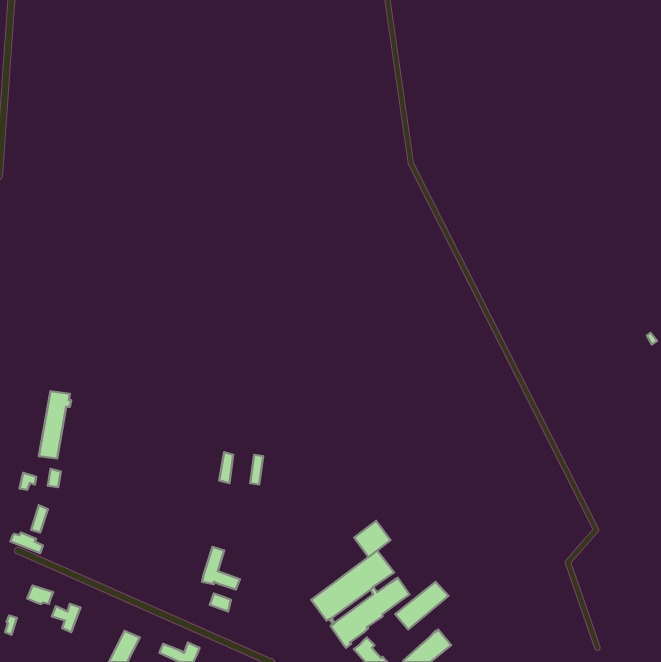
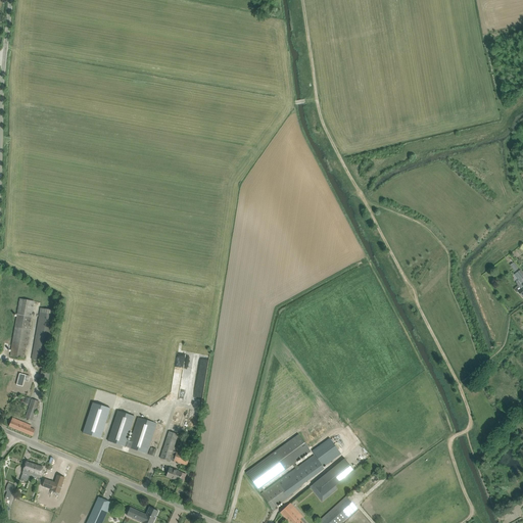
building: none -> [9,299,33,358]
building: none -> [82,402,109,438]
building: none -> [107,411,155,454]
building: [354,521,390,557] -> [312,438,340,467]

